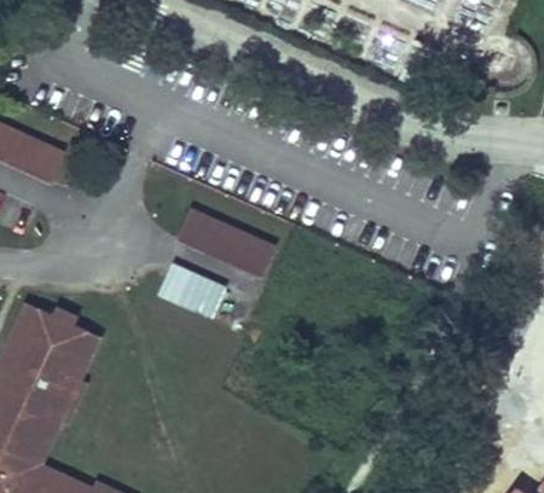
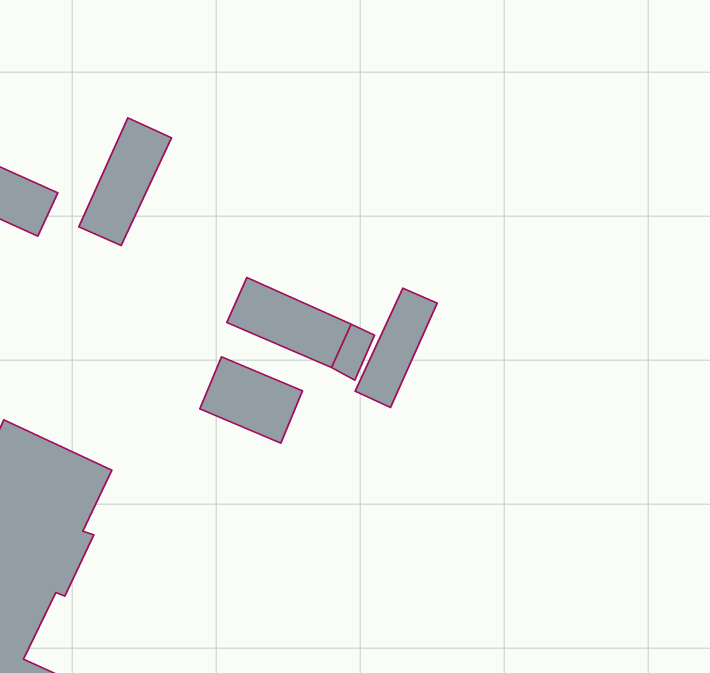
building: none -> [79,118,172,246]
building: none -> [355,288,437,407]

